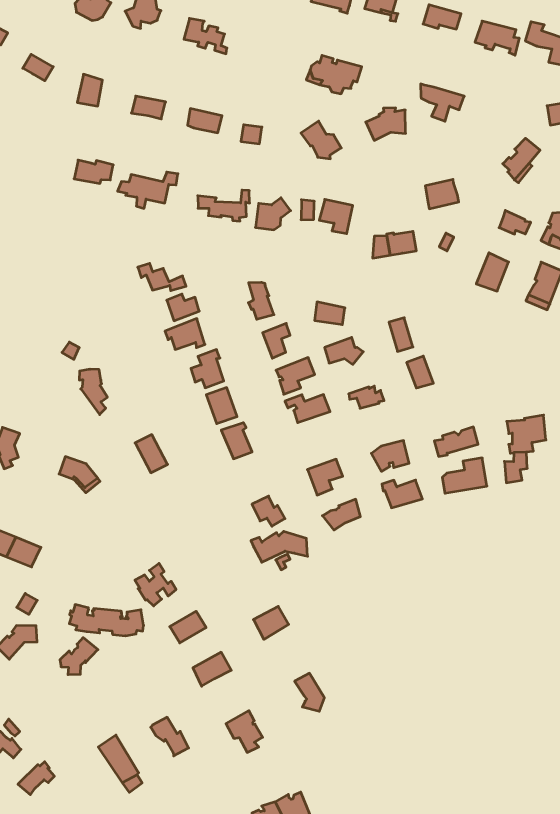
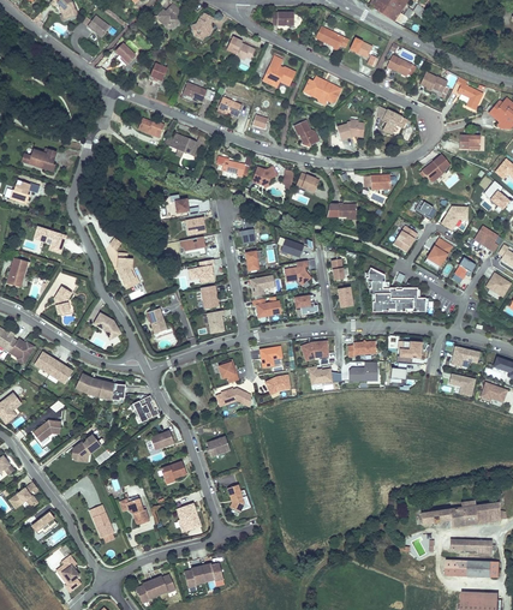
building: none -> [264,55,296,86]
building: none -> [365,268,428,312]
building: [69,605,144,636] -> [76,373,125,400]

